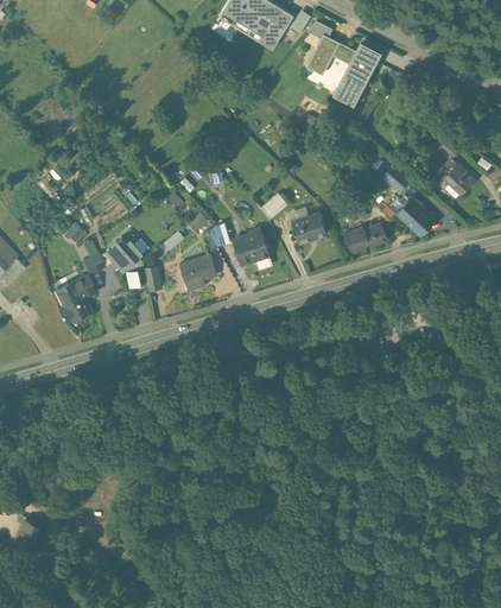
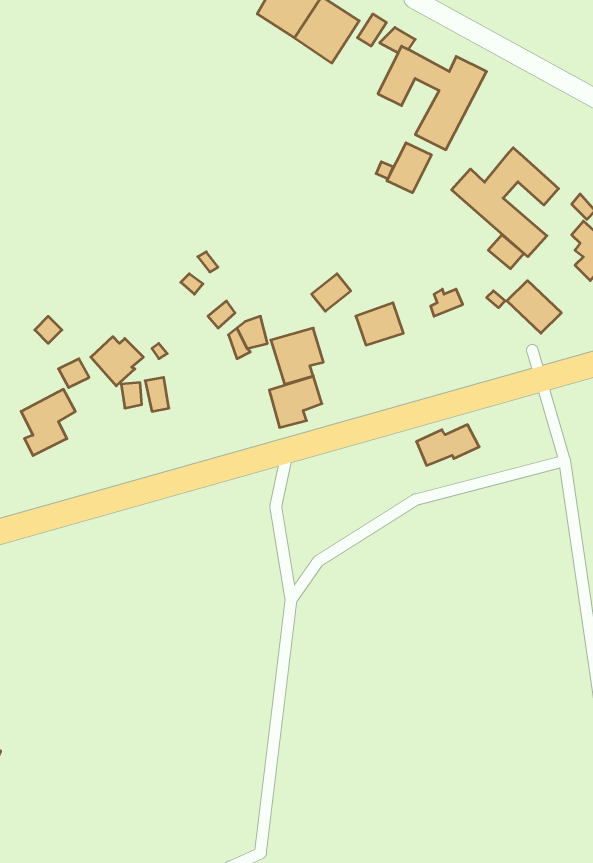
building: none -> [387,143,431,193]
building: none -> [452,148,559,257]
building: [343,224,387,253] -> [416,425,479,465]
building: [179,254,216,290] -> [269,376,322,427]

